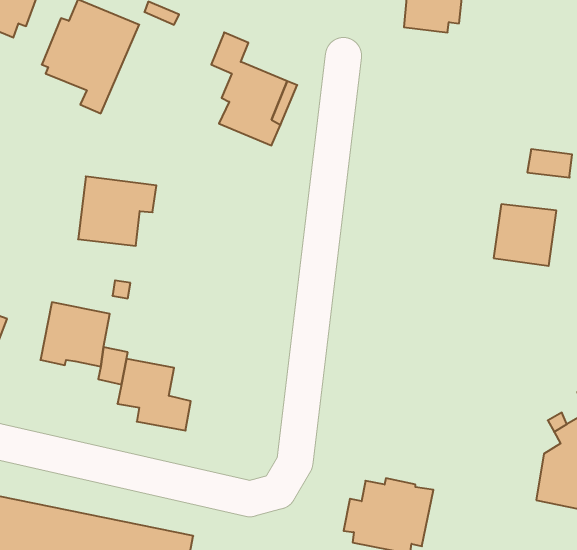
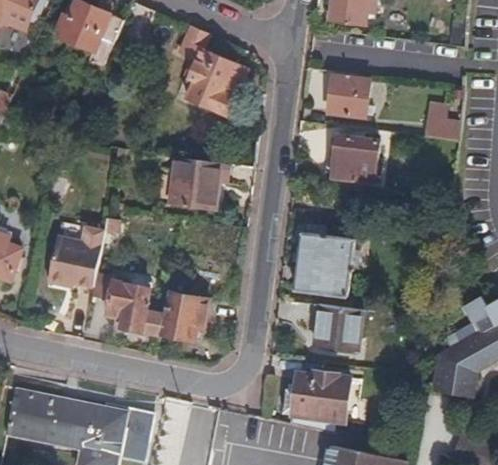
building: none -> [327,74,369,118]
building: [78,176,156,246] -> [169,156,230,210]
building: [494,204,556,266] -> [330,135,379,183]
building: none -> [293,226,352,298]
building: none -> [159,290,204,341]
building: none -> [313,304,361,349]

